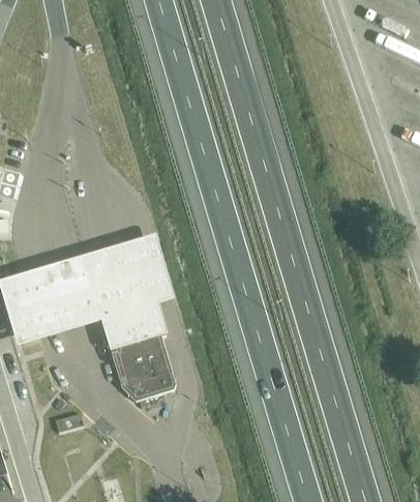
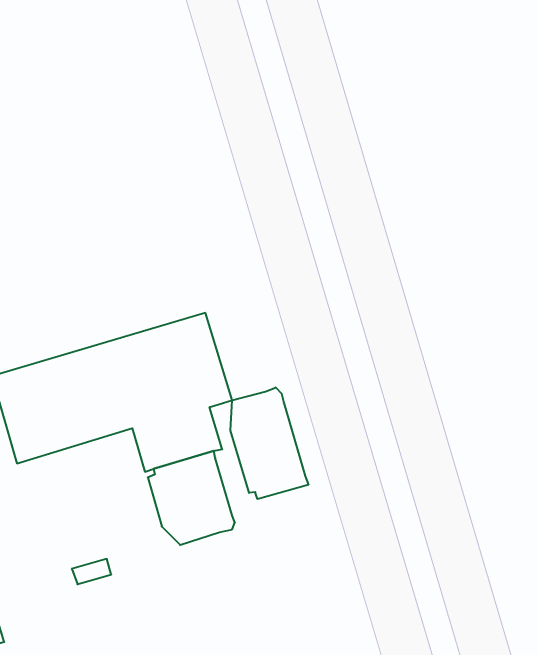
building: none -> [230,387,308,499]

